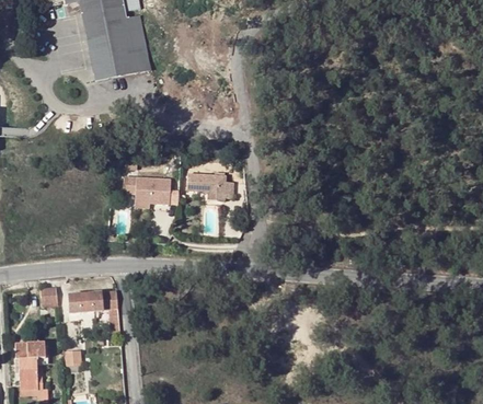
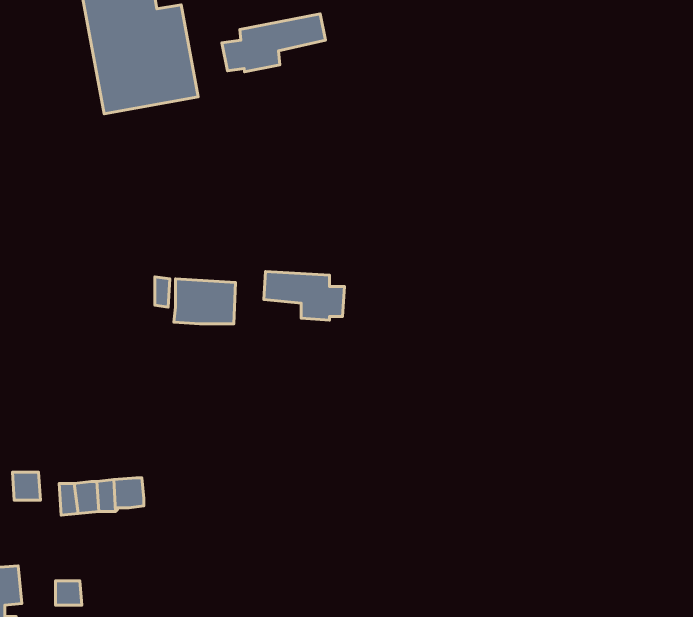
building: none -> [222,14,326,72]

